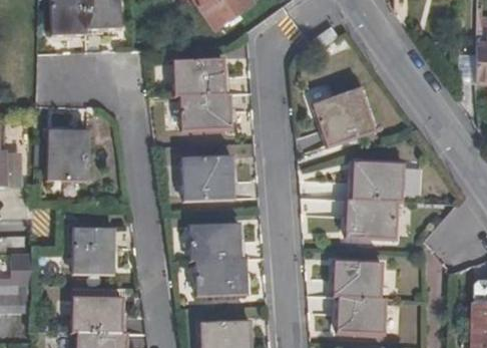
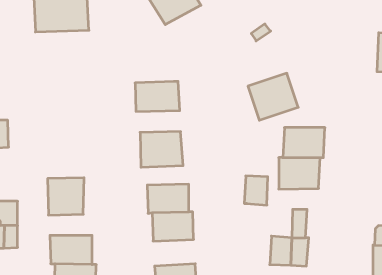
building: [169,67,223,104] -> none
building: [45,125,84,179] -> none
building: [341,260,370,296] -> [244,176,268,205]

